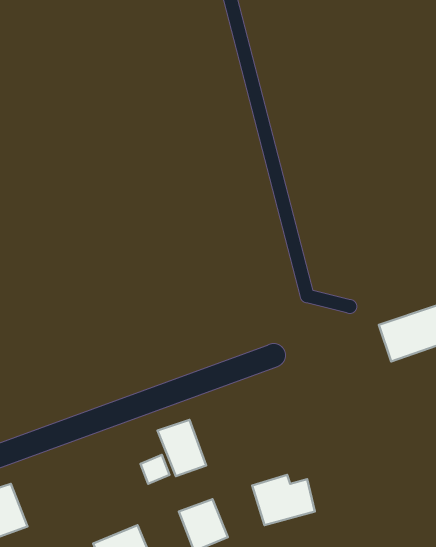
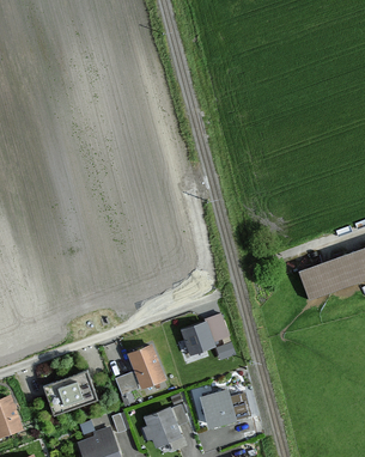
building: none -> [180,313,226,355]
building: none -> [43,370,97,415]

